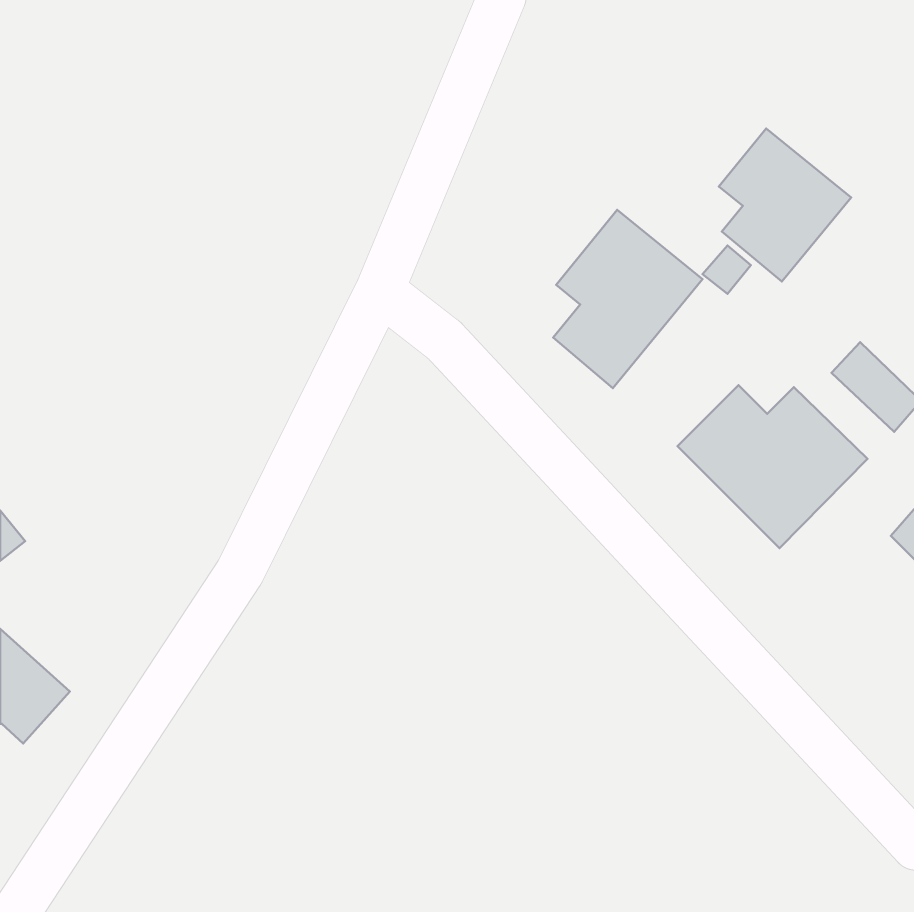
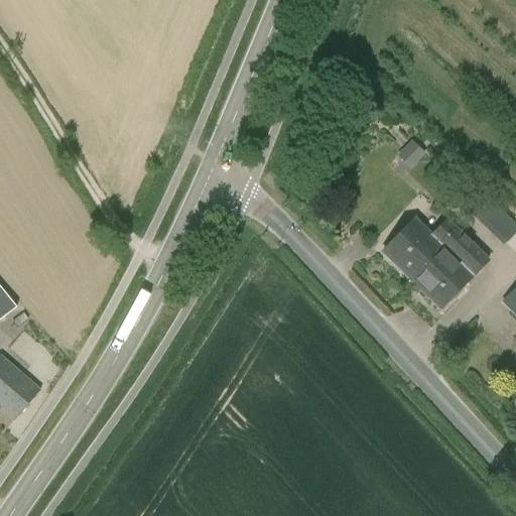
building: [719,128,851,281] -> none
building: [553,210,703,388] -> none

